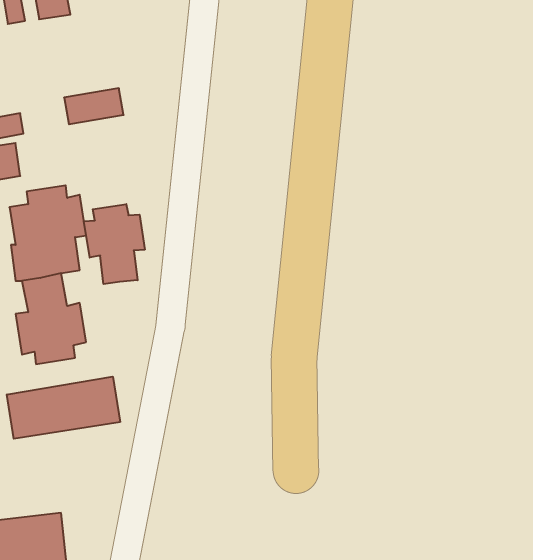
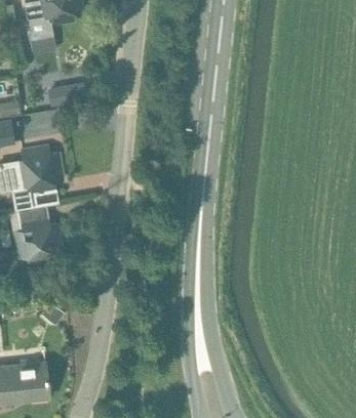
building: [84,204,145,284] -> none
building: [7,377,120,439] -> none

